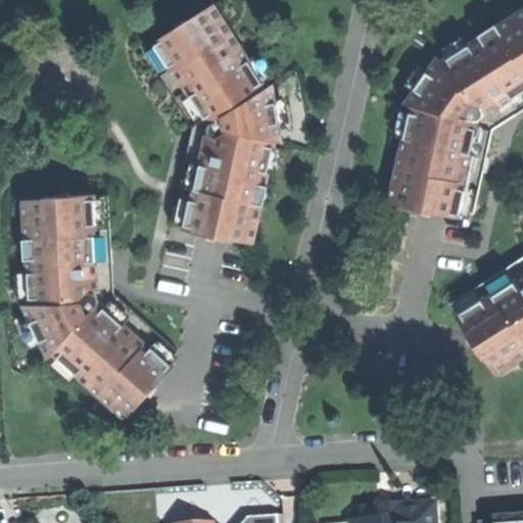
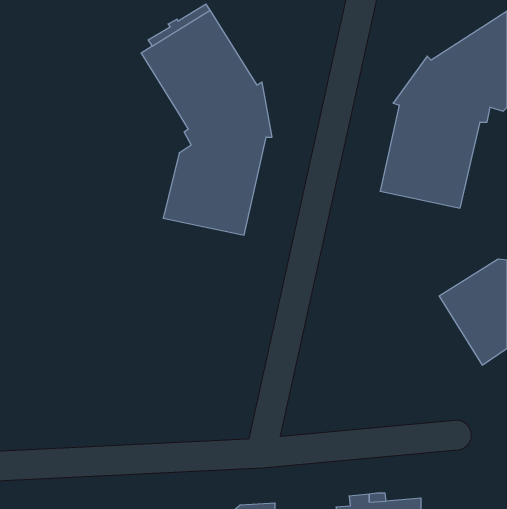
building: [21,195,174,418] -> none

